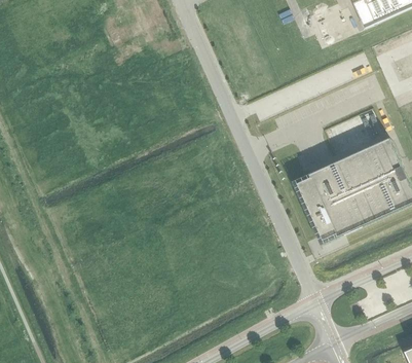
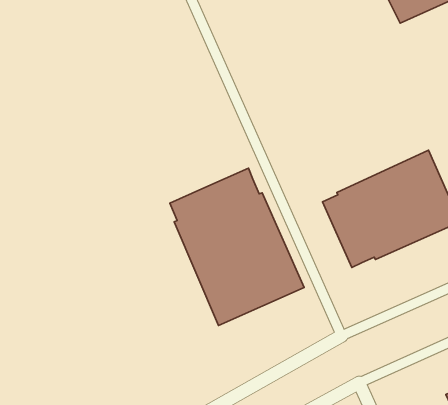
building: none -> [170,168,304,326]

